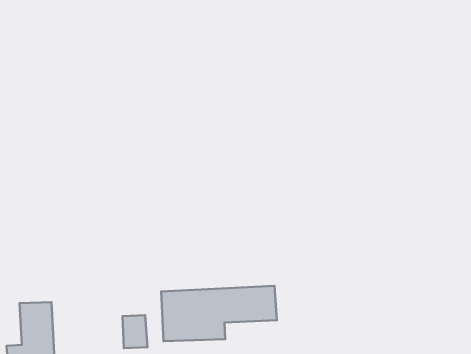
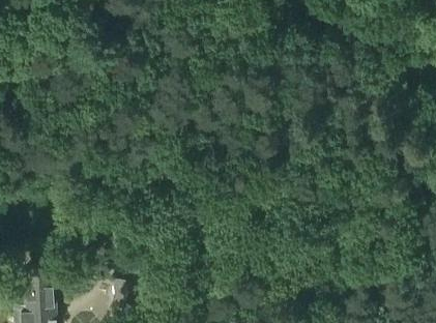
building: [161,286,277,341] -> none

